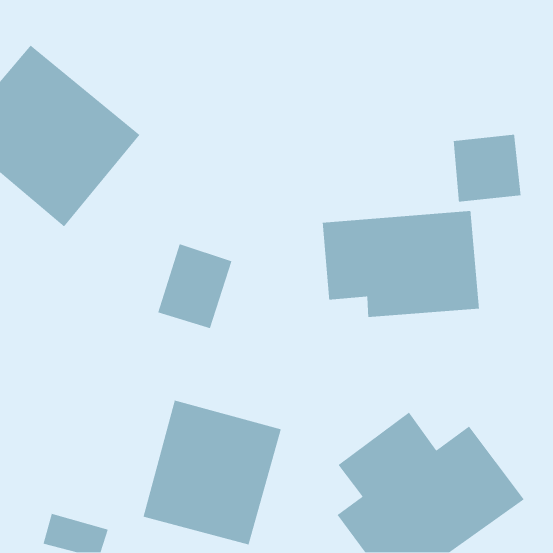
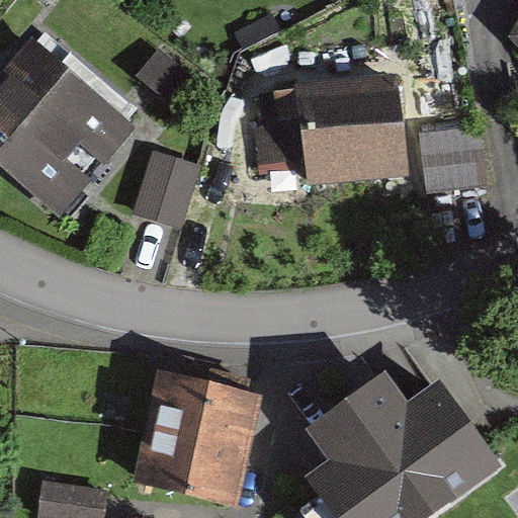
building: [322,210,480,318] -> [259,81,406,181]
building: [157,243,232,329] -> [137,146,206,226]

